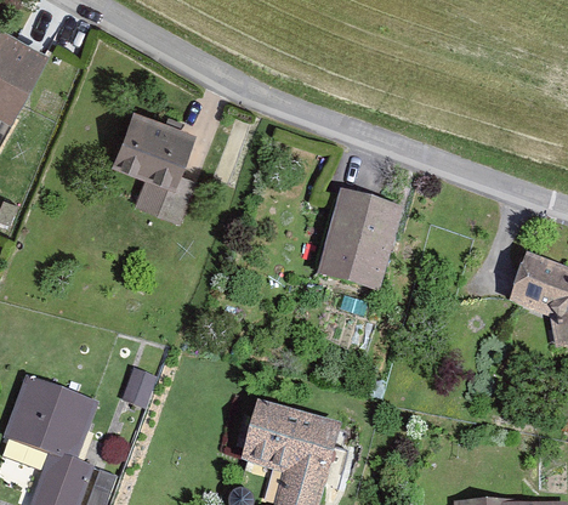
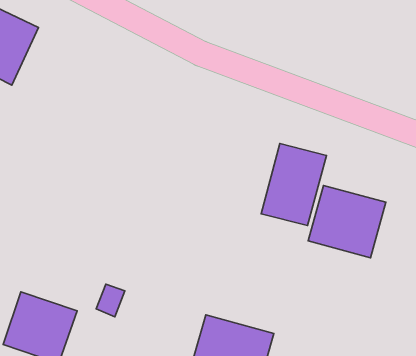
building: [109,106,195,220] -> none
building: none -> [308,185,386,258]

